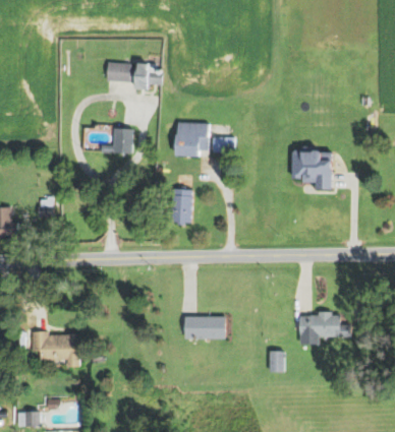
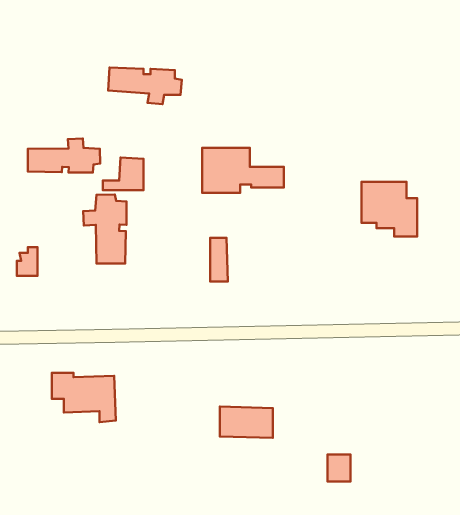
building: none -> [28,139,100,172]
building: none -> [83,194,126,264]
building: [301,314,352,345] -> none
building: [31,330,78,367] -> [52,373,116,422]

